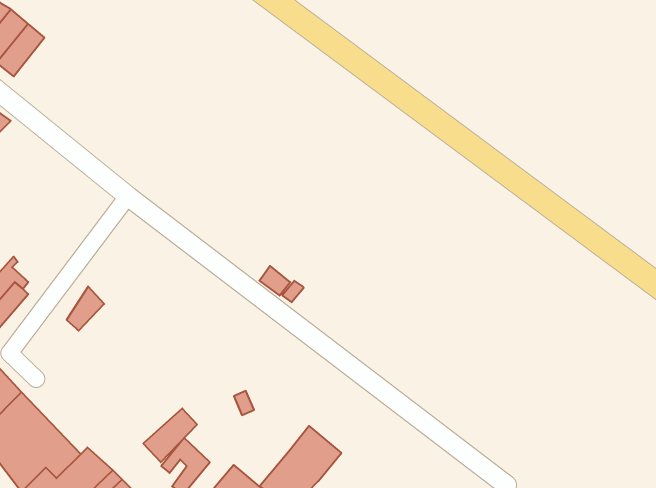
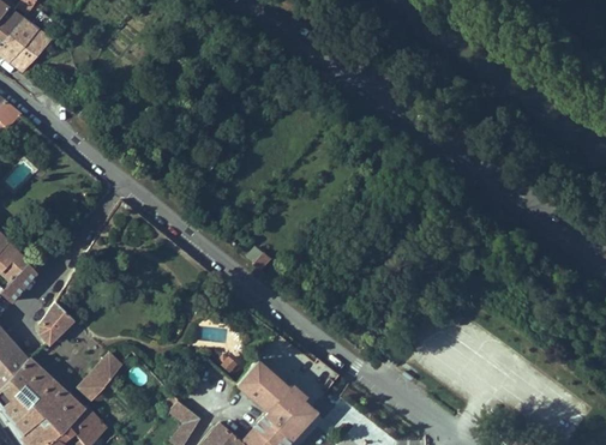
building: [67,286,104,331] -> [38,301,72,341]
building: none -> [235,359,287,409]
building: [143,408,197,462] -> [76,356,124,404]

